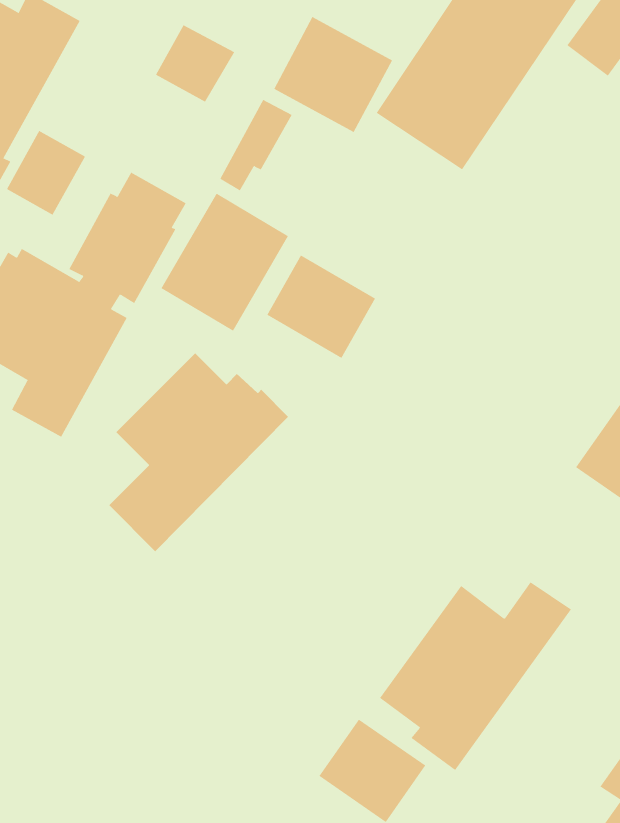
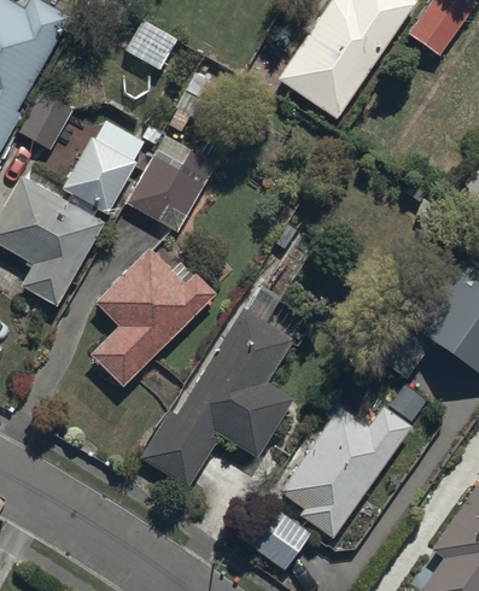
building: [273,16,393,133] -> none
building: [266,255,376,359] -> none
building: none -> [140,306,294,488]

